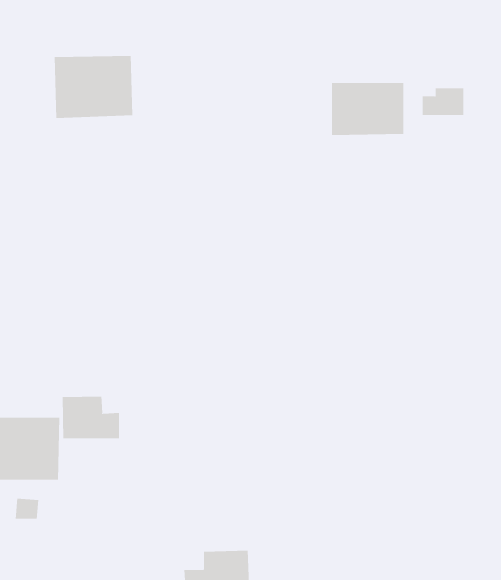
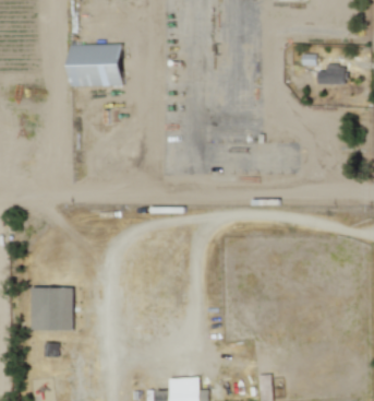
building: [331,82,404,136] -> none
building: [62,396,120,439] -> none

